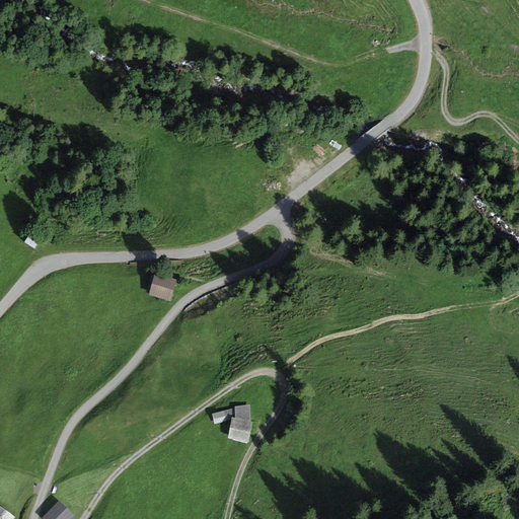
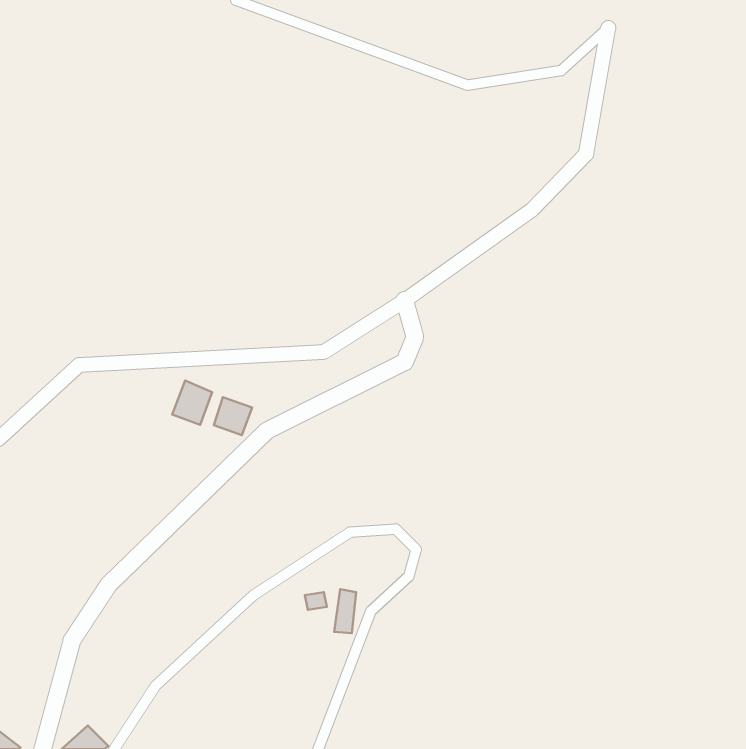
building: none -> [172,381,212,425]

